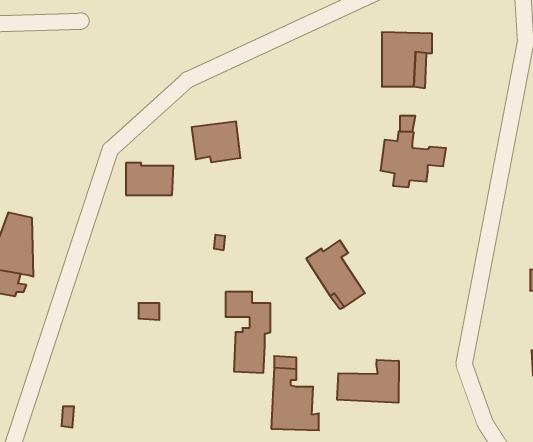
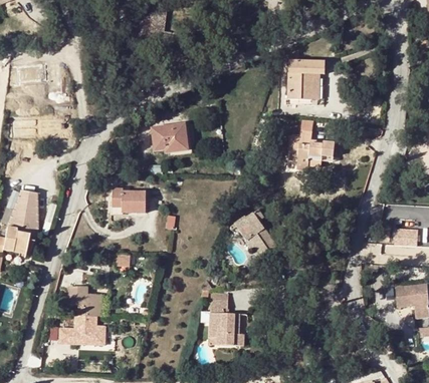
building: [126,163,173,195] -> [112,188,146,212]
building: [226,292,270,373] -> [68,286,100,344]
building: [337,360,399,403] -> none

